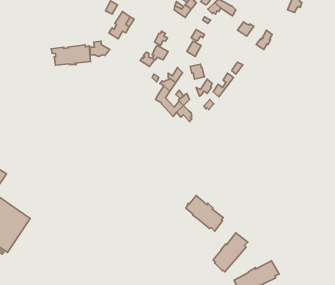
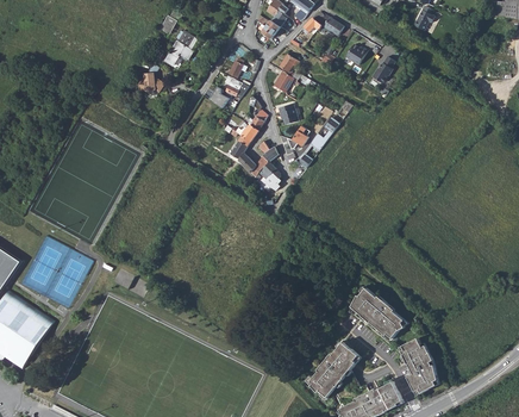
building: [51,45,90,65] -> none
building: [186,196,223,231] -> [352,288,405,338]
building: none -> [401,338,438,393]

